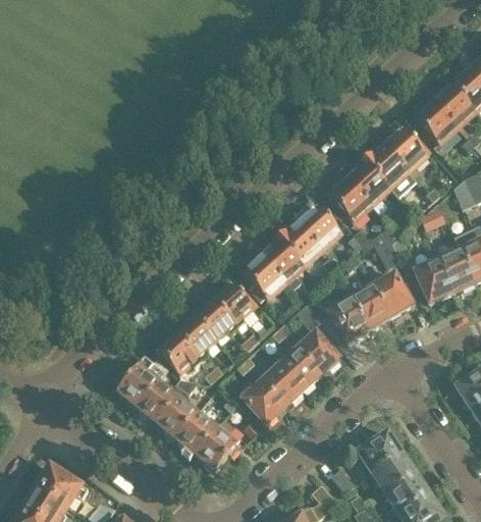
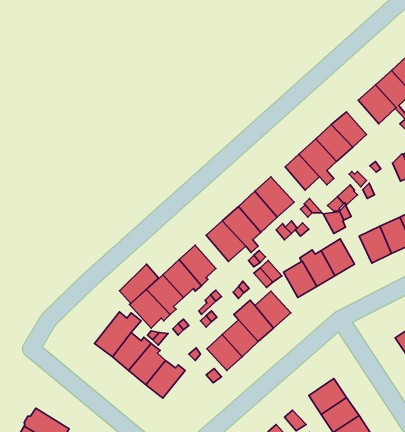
building: none -> [119,264,159,303]
building: [193,419,238,471] -> none

